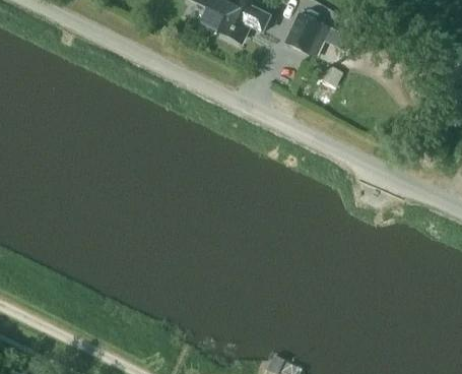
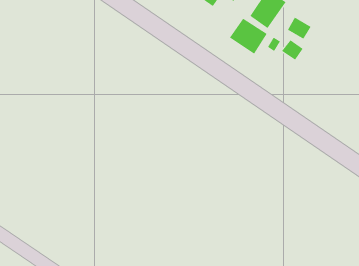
building: none -> [229,18,267,55]

